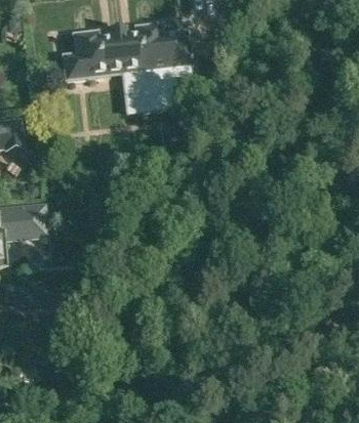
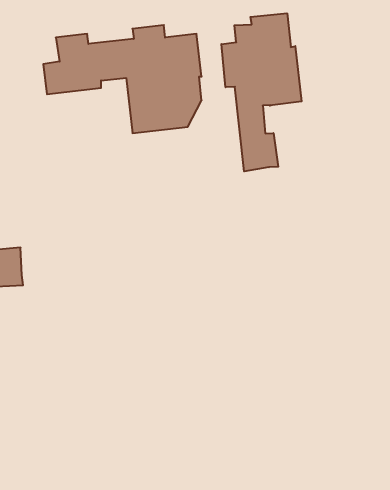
building: none -> [221,13,302,171]

